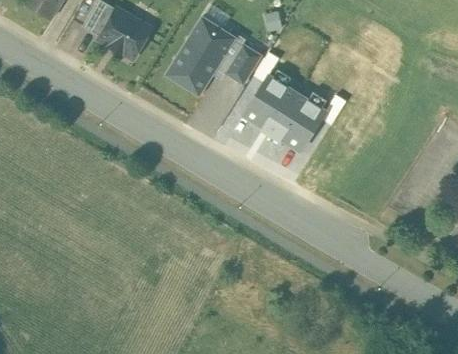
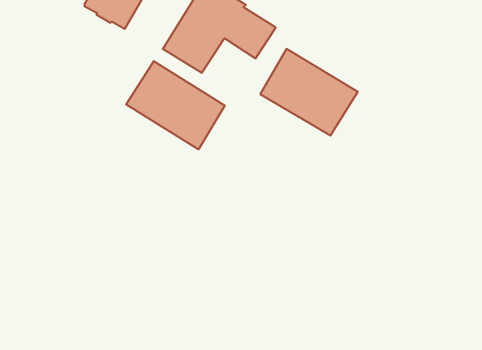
building: none -> [126,61,225,149]

